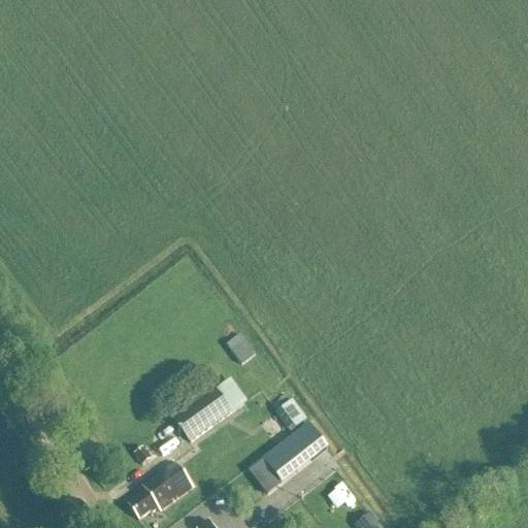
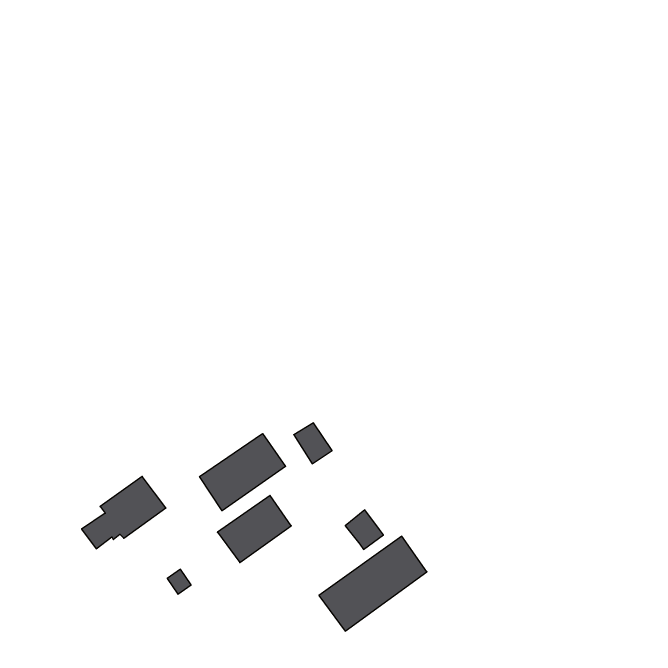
building: none -> [200,434,286,511]
building: [124,461,190,518] -> [82,476,166,549]

